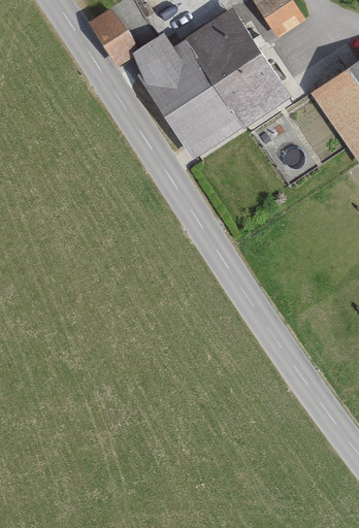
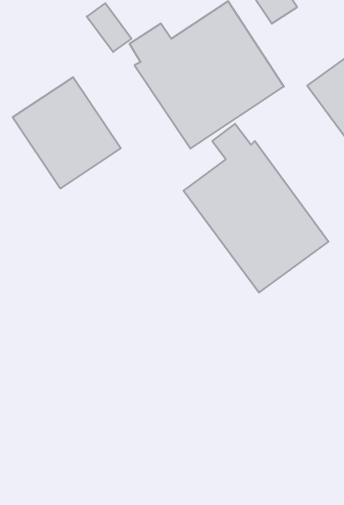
building: none -> [13,77,121,188]
building: none -> [184,124,328,293]

